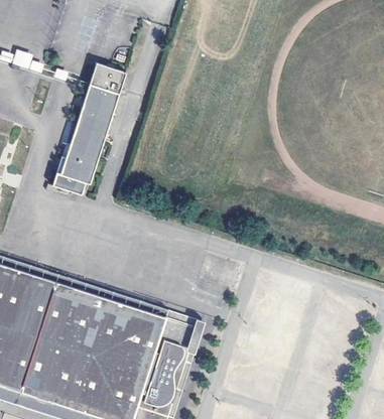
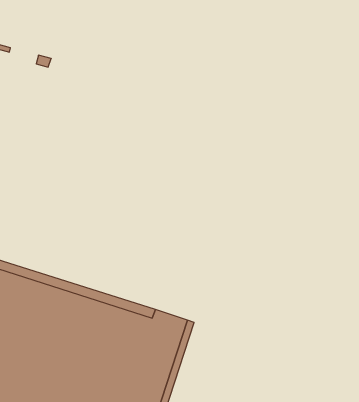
building: [51,63,126,195] -> none

